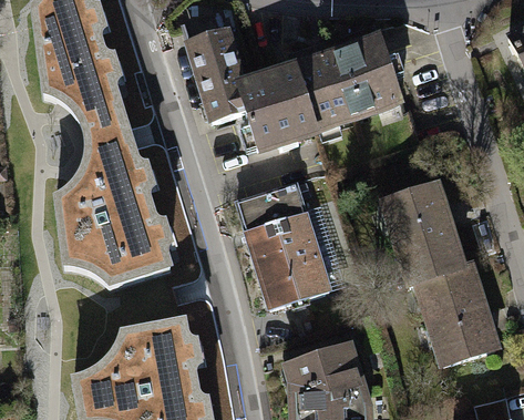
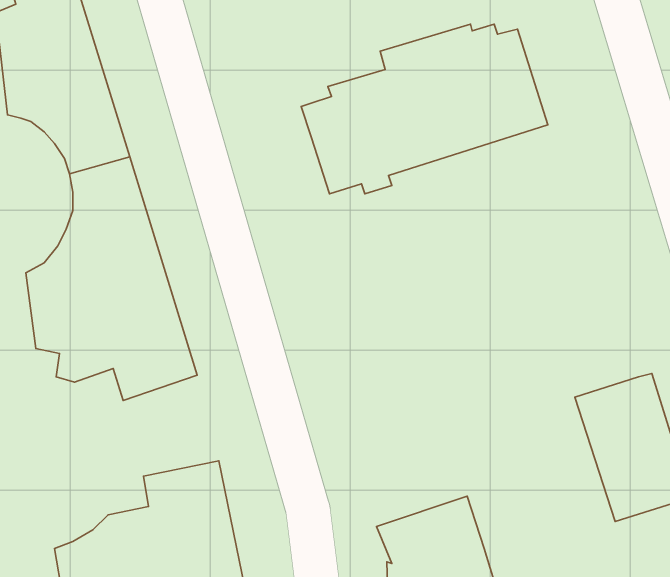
building: [189,30,246,119] -> none
building: [236,182,330,307] -> none
building: [386,185,462,284] -> none

